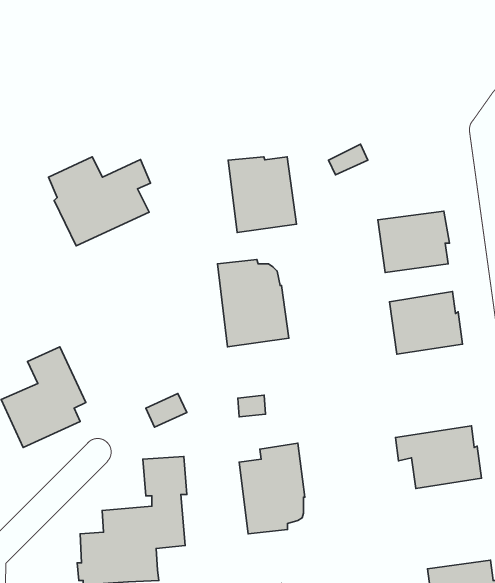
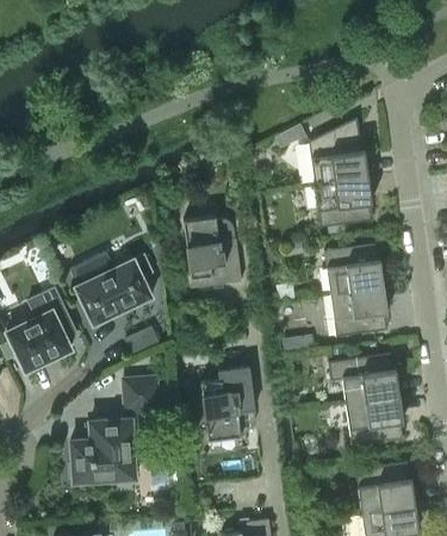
building: none -> [309,123,368,185]
building: [228,157,296,233] -> none
building: [48,157,151,246] -> [70,251,154,324]
building: none -> [330,286,389,337]
building: none -> [346,395,404,447]

